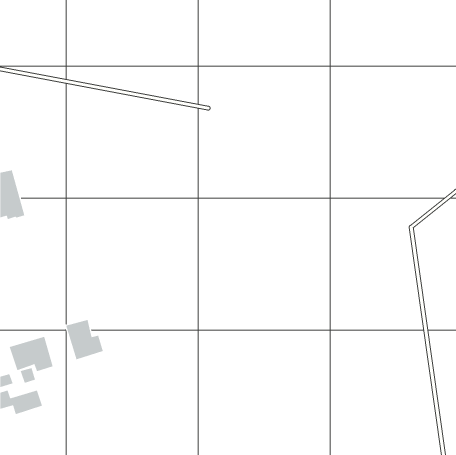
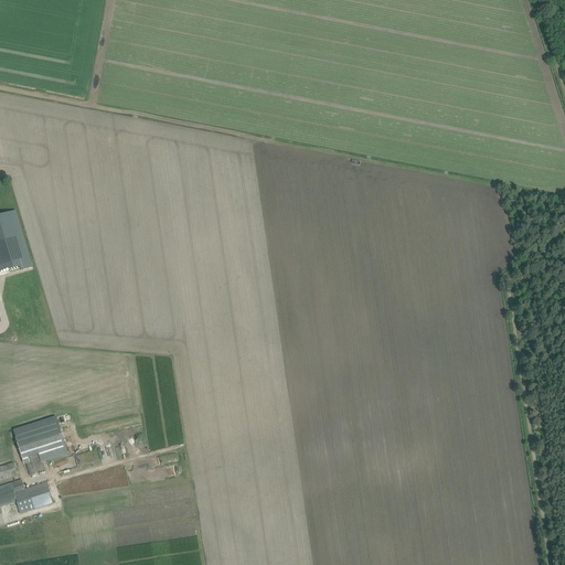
building: [66,319,103,360] -> none

